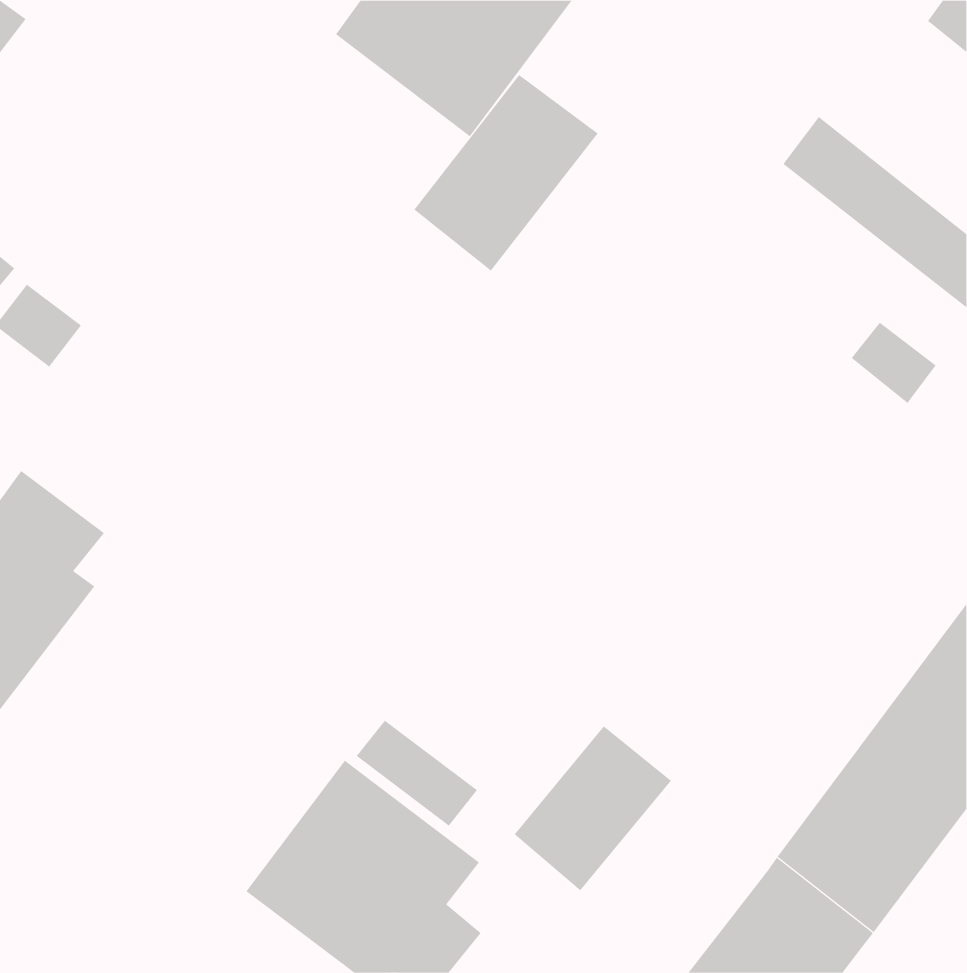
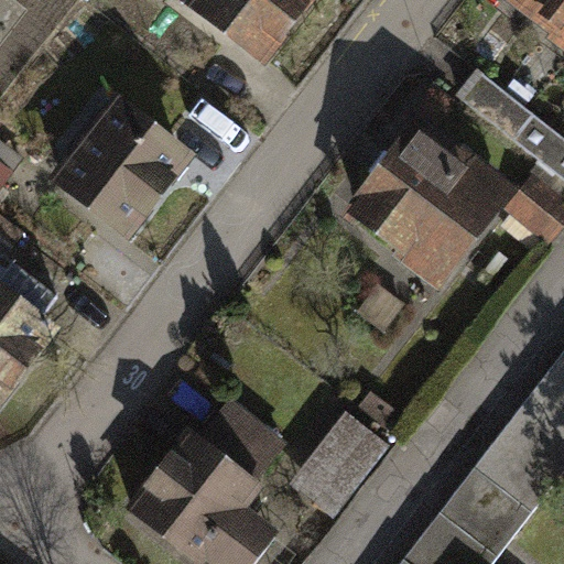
building: [414,74,598,272] -> none
building: none -> [56,102,195,242]
building: none -> [346,111,491,258]

